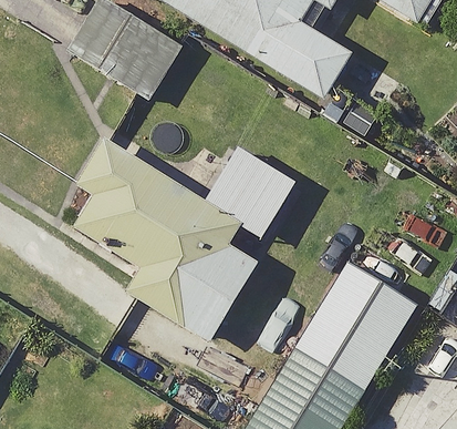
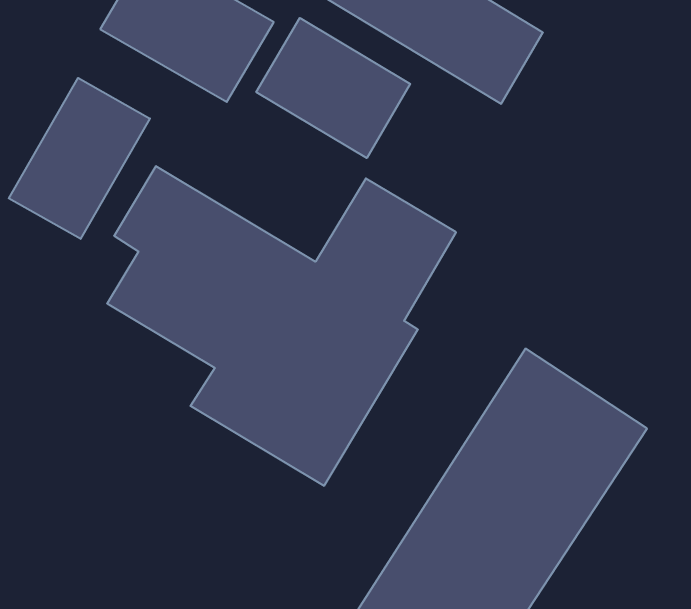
building: none -> [256,18,410,158]
building: none -> [9,78,150,239]

